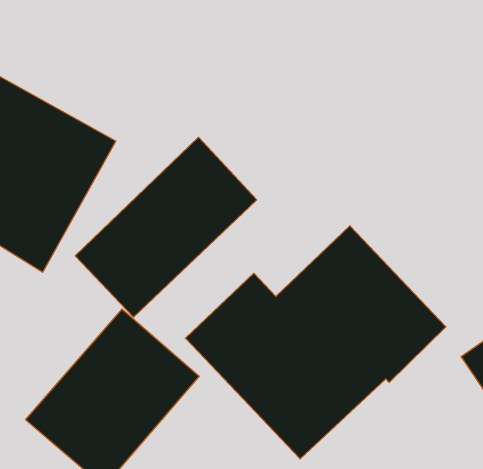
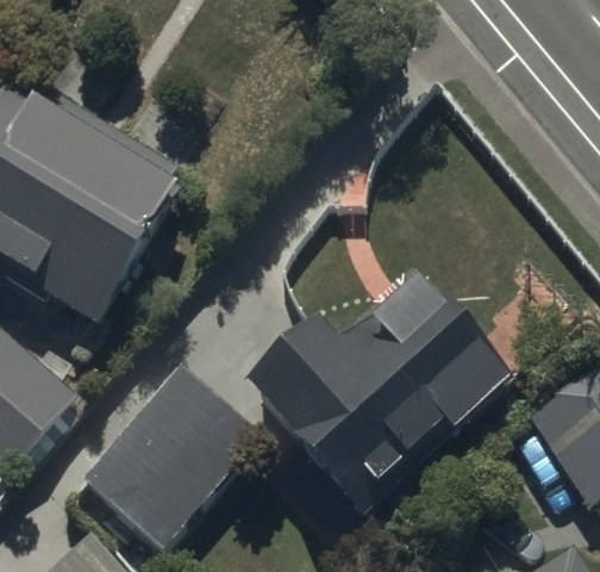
building: [75,137,257,317] -> none

